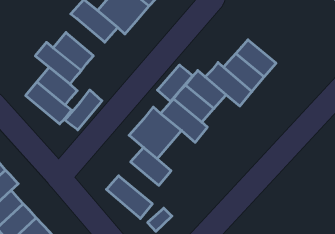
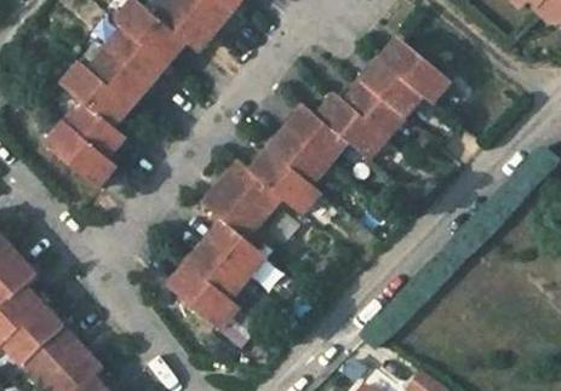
building: none -> [107,29,165,85]
building: none -> [379,39,448,103]
building: [157,65,193,102] -> none
building: [65,90,102,130] -> none
building: none -> [185,243,246,299]

